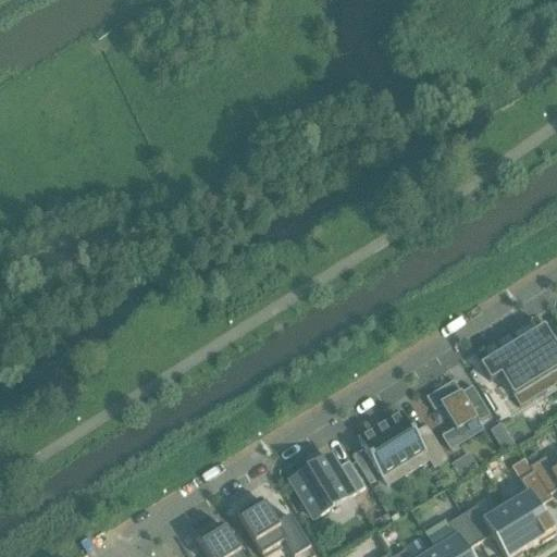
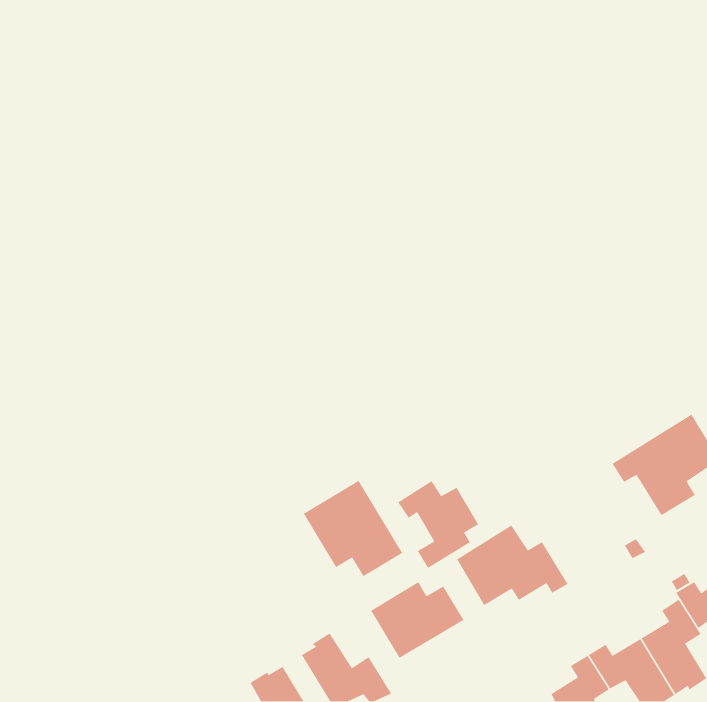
building: none -> [303,480,403,577]
building: [426,379,491,448] -> [397,480,479,569]

